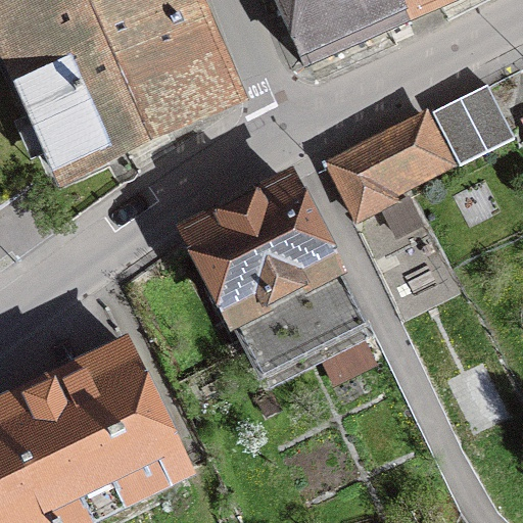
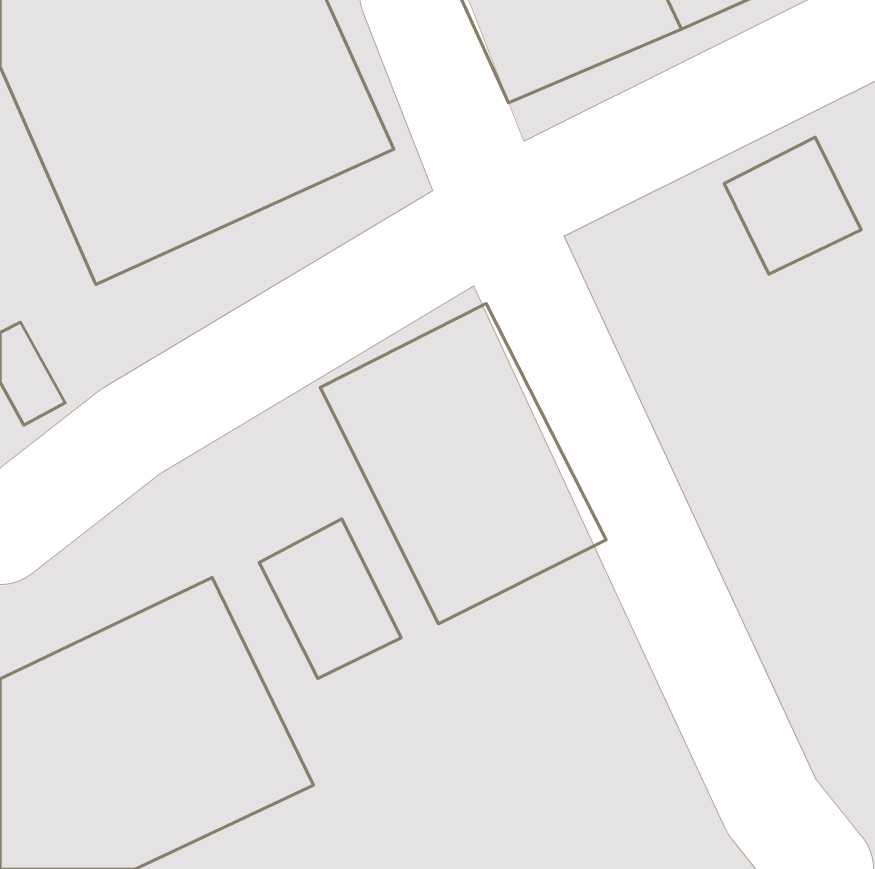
building: [329,113,449,217] -> none
building: none -> [259,519,401,678]

